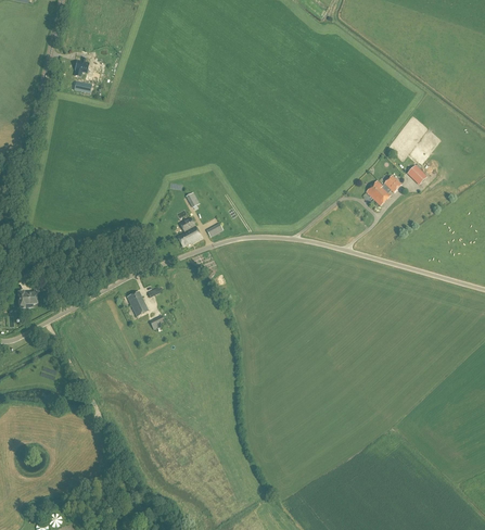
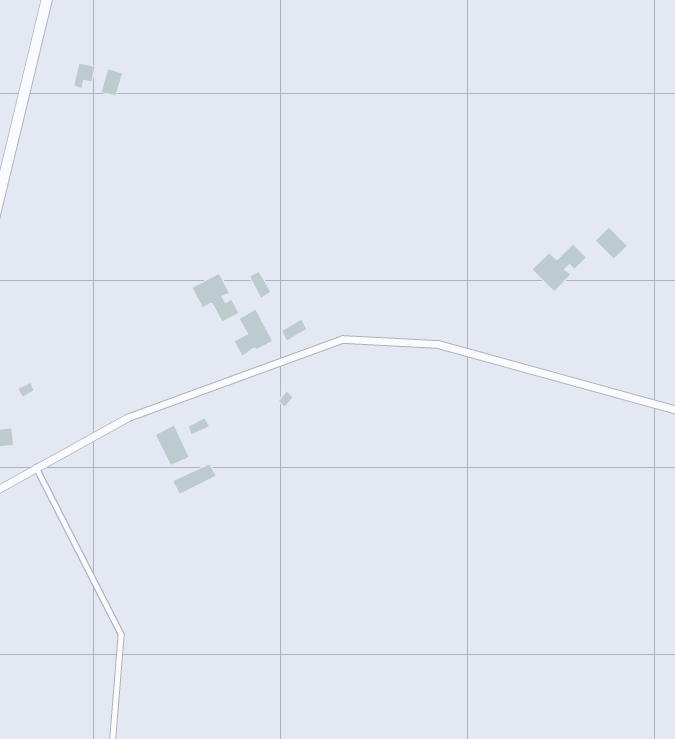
building: none -> [192,273,239,322]

